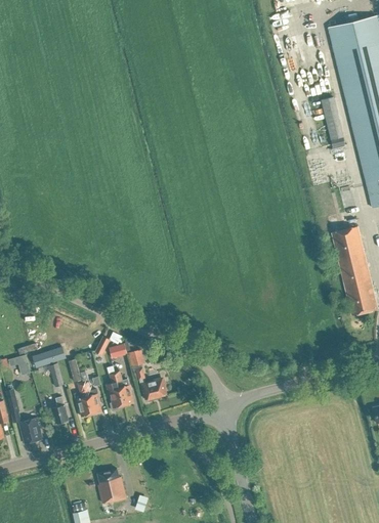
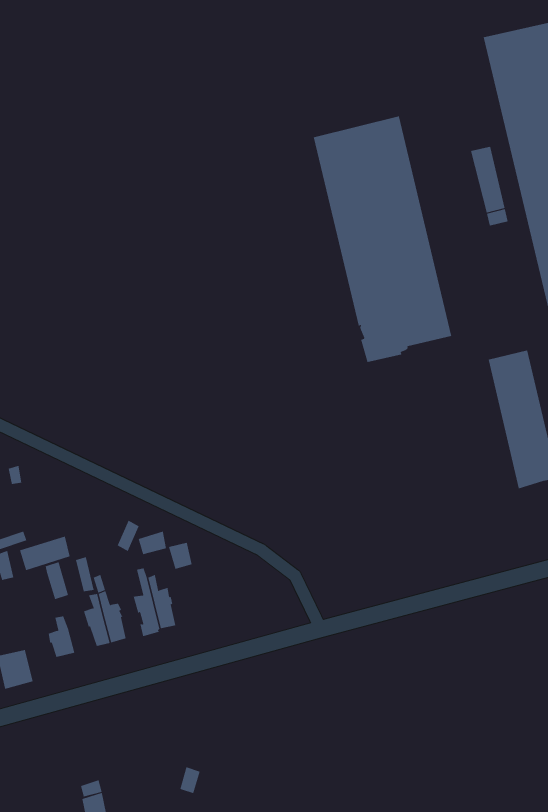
building: none -> [313,116,452,363]
building: [136,368,166,400] -> none
building: [97,469,127,505] -> none

